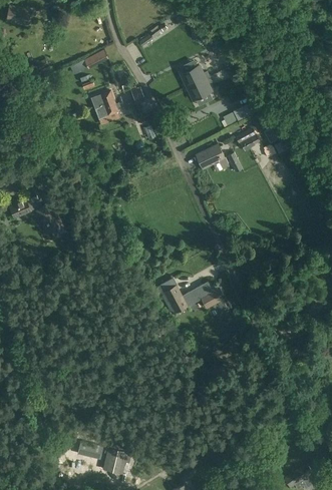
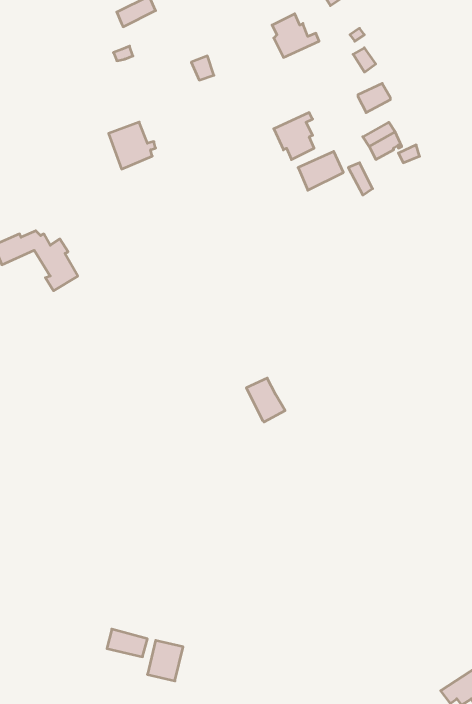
building: [188,77,213,106] -> [274,113,314,160]
building: [90,89,119,118] -> [109,122,156,169]
building: [183,283,226,309] -> none

